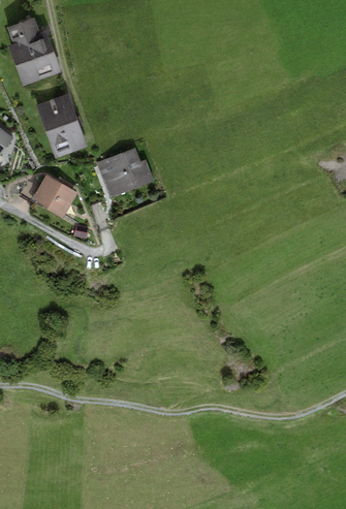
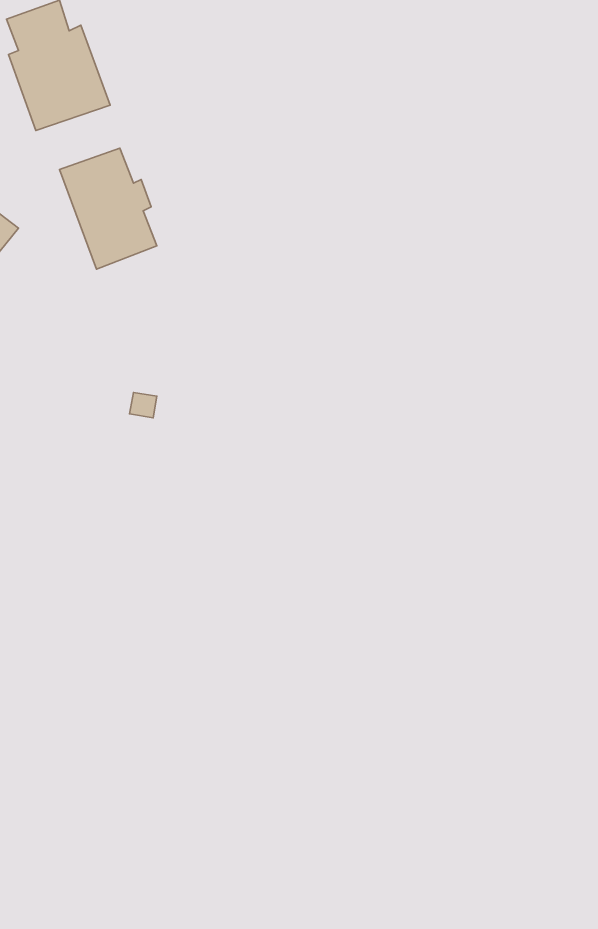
building: [96,149,153,198] -> none
building: [31,173,76,216] -> none

